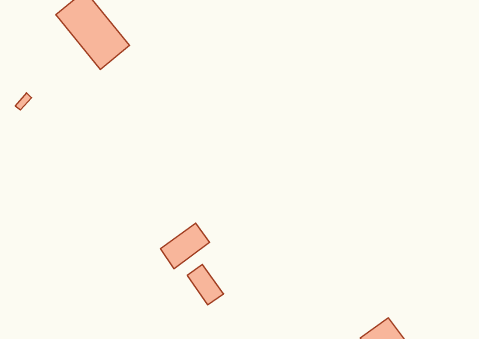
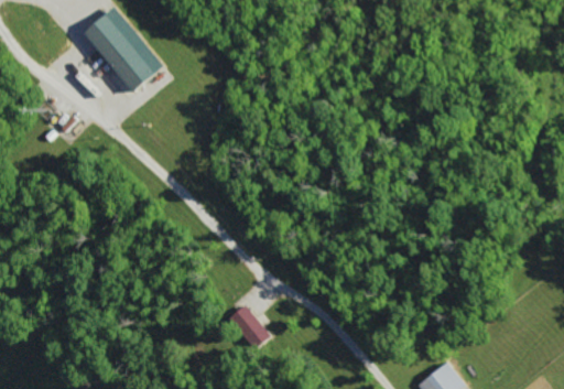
building: [161,223,210,269] -> none

